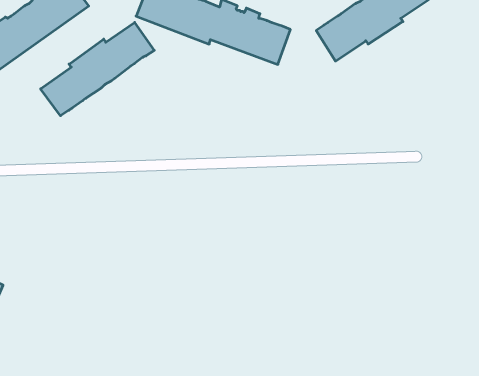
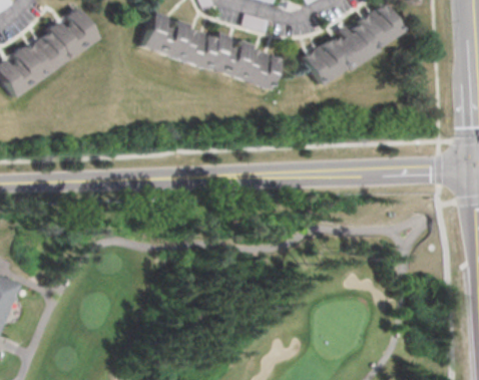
building: [41,22,154,116] -> none

